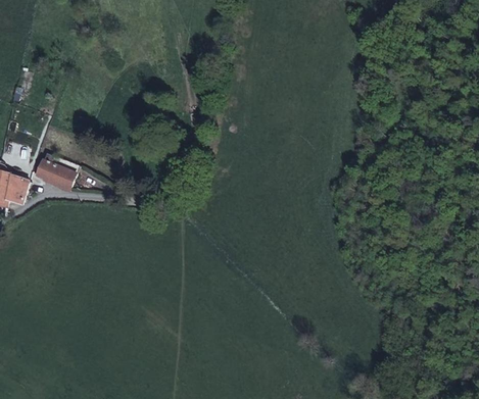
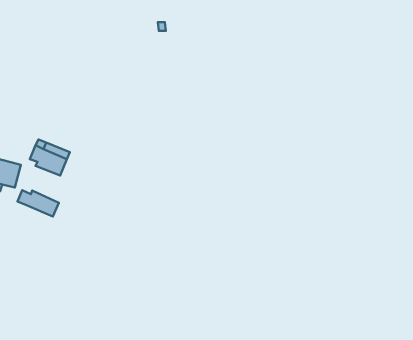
building: none -> [17,190,59,217]

